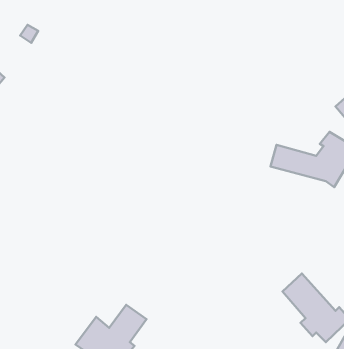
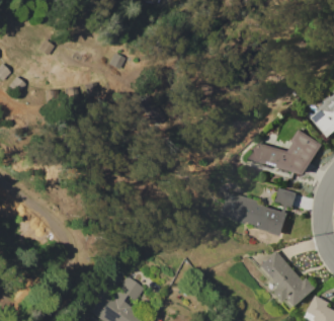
building: none -> [220,188,296,237]

